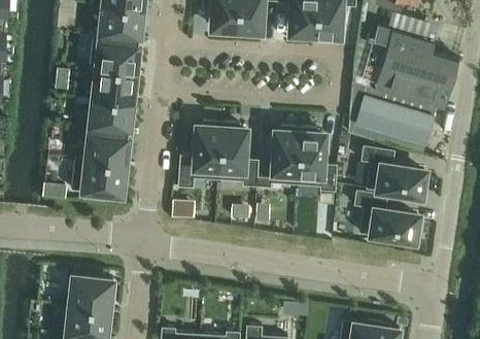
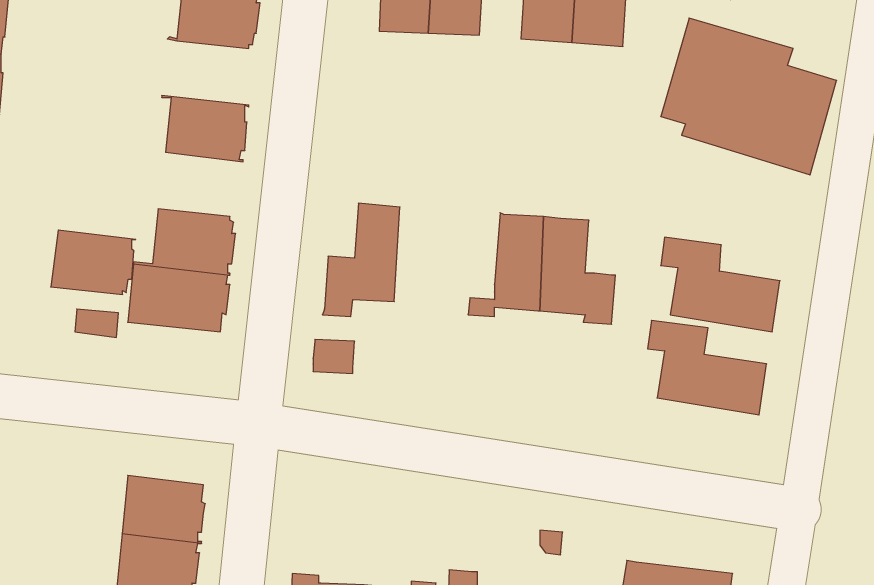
building: [90,37,140,73] -> none
building: [348,83,436,156] -> none
building: [88,99,134,134] -> [51,230,136,294]
building: [216,129,259,188] -> none

